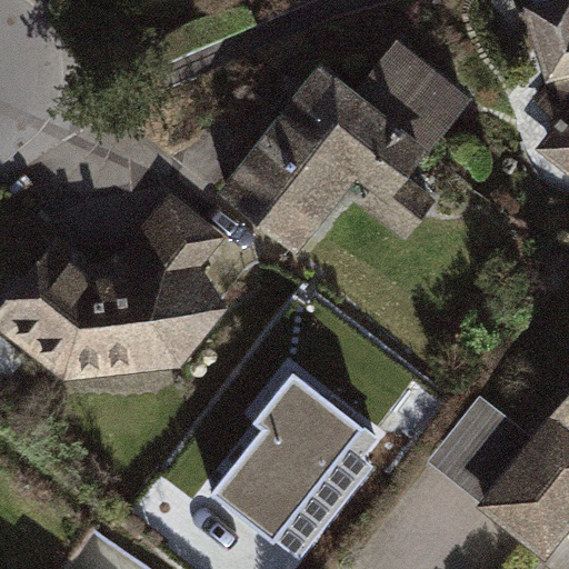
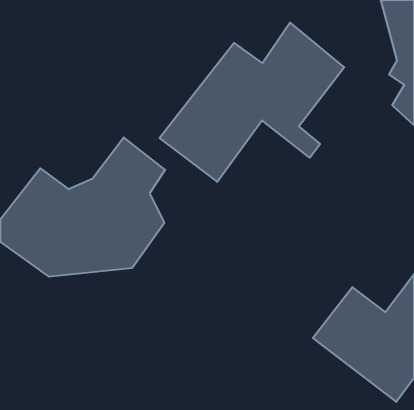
building: [210,369,361,537] -> none

